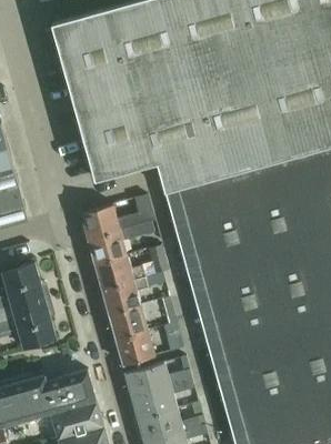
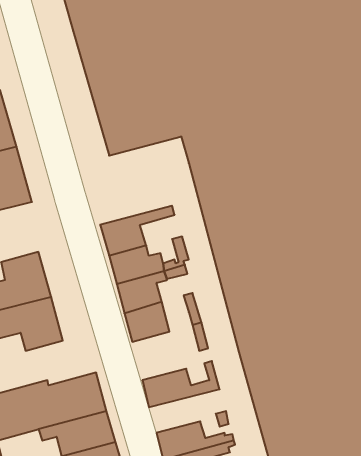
building: [82,194,153,241] -> none
building: [117,333,156,366] -> none
building: [131,383,194,421] -> none

